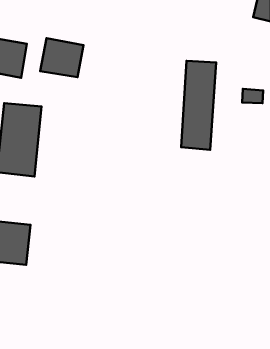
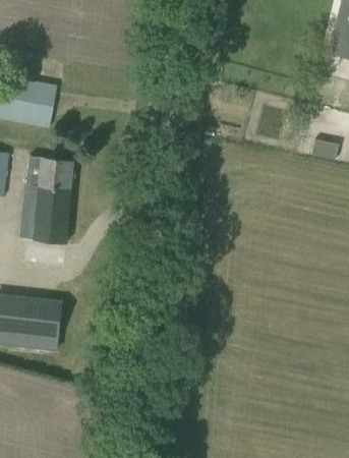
building: [40,38,83,77] -> none
building: [181,61,216,150] -> none

